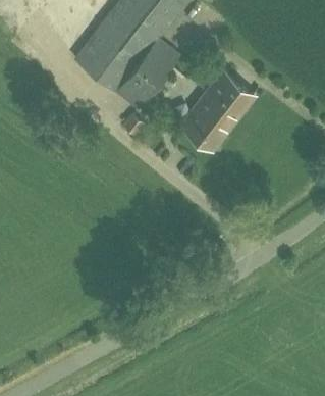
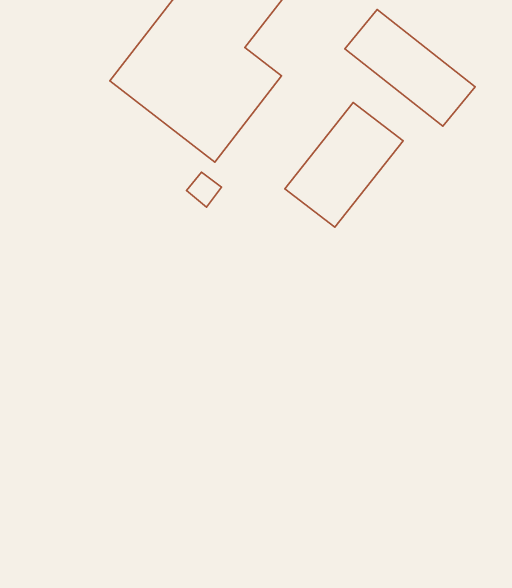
building: none -> [345,10,475,126]

